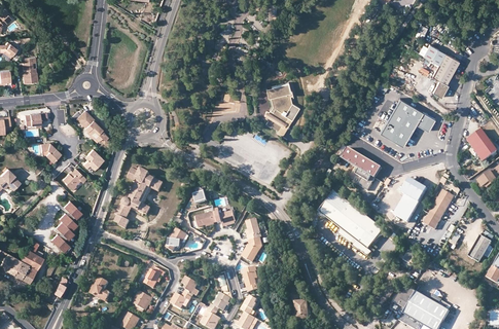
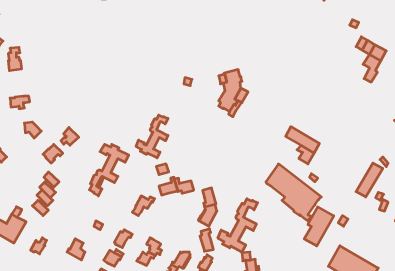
building: [379,98,434,145] -> none
building: [75,109,106,140] -> none
building: none -> [136,115,168,158]
building: [393,177,427,222] -> [304,207,334,246]
building: none -> [218,199,258,252]

